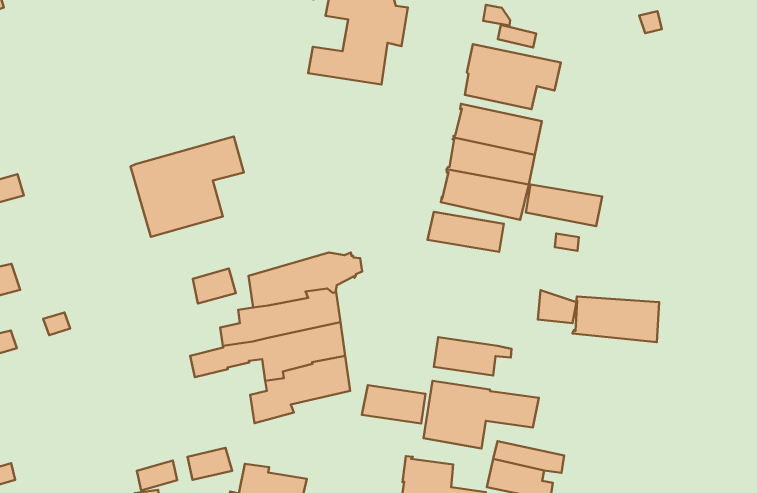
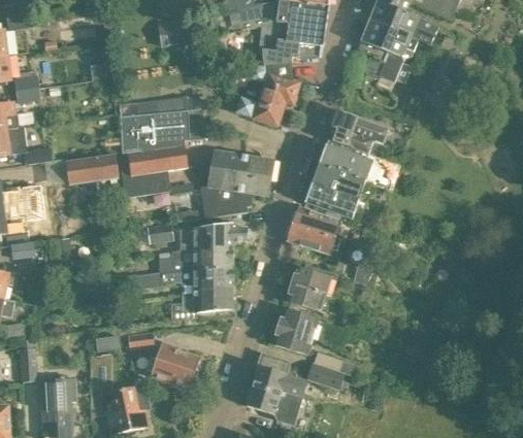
building: none -> [121,96,203,153]
building: none -> [200,149,273,216]
building: none -> [66,154,118,183]
building: [526,184,602,226] -> [287,224,334,255]
building: [572,297,659,342] -> none
building: [362,385,425,424] -> [290,266,330,294]

